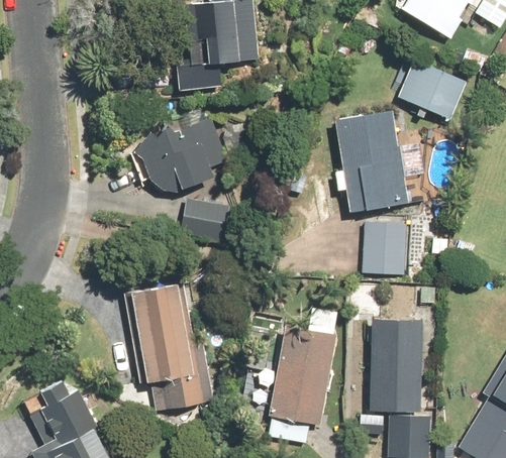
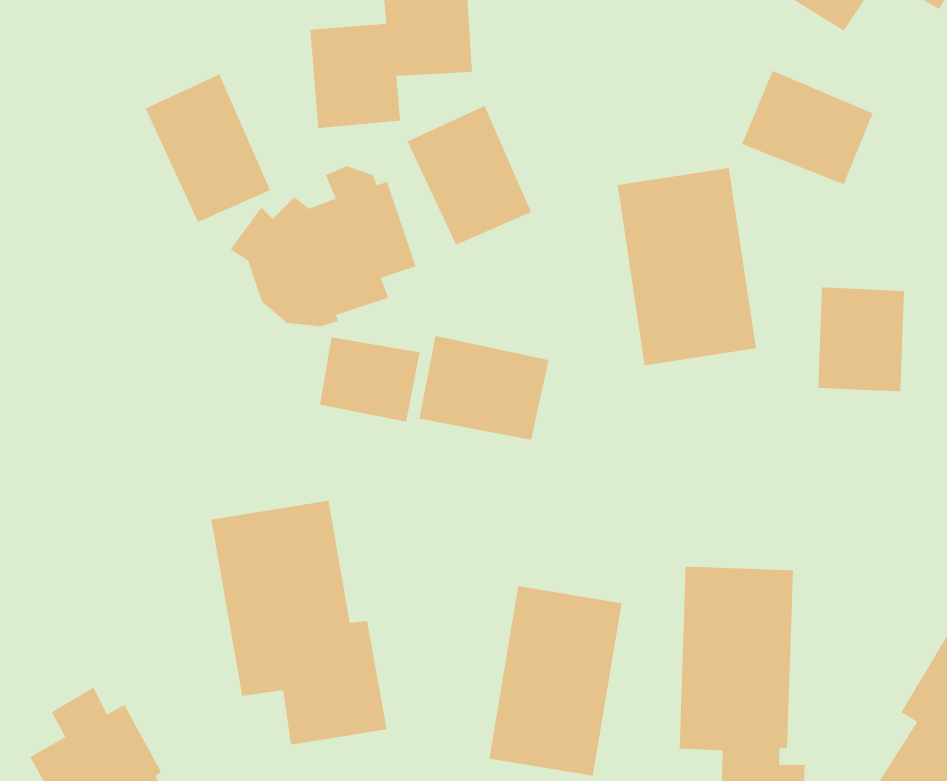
building: none -> [145,74,271,223]
building: none -> [407,105,532,246]
building: none -> [419,335,549,440]
building: [362,222,407,276] -> [817,287,905,392]

